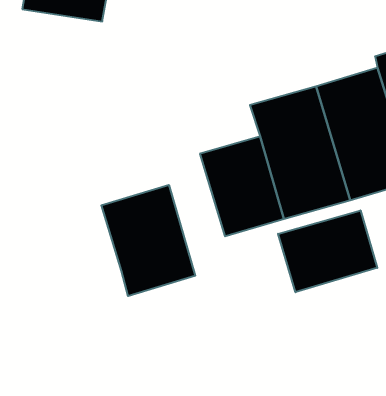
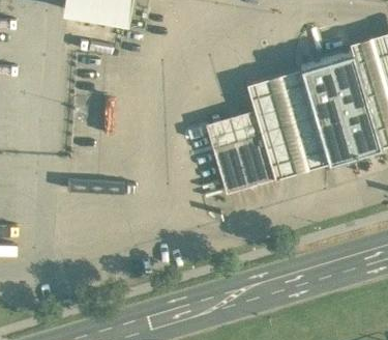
building: [101,185,195,296] -> none
building: [278,210,377,292] -> none

